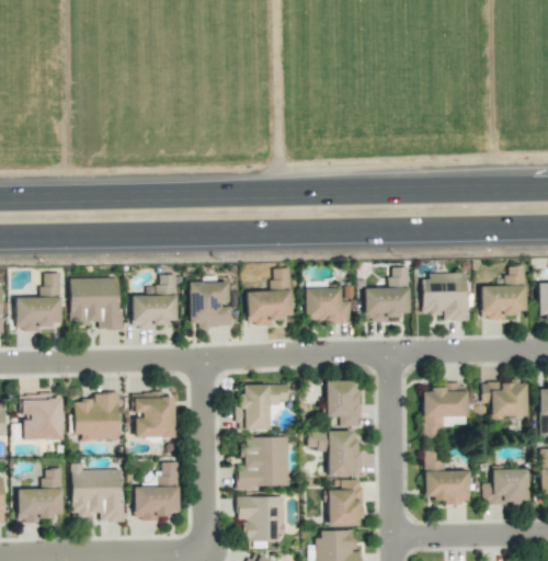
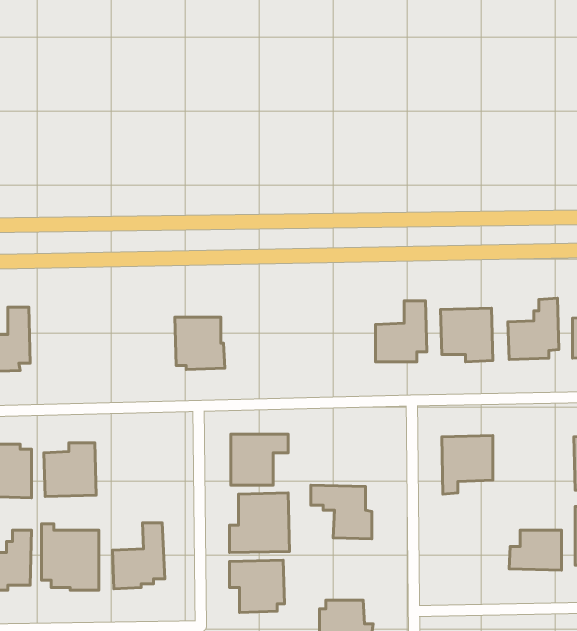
building: [248,267,293,324] -> none
building: [133,274,178,329] -> none
building: [71,277,125,330] -> none
building: [306,288,352,322] -> none
building: [328,380,361,426] -> none
building: [482,381,528,416] -> none
building: [134,392,176,438] -> none
building: [426,451,470,501] -> none
building: [329,479,364,526] -> none

